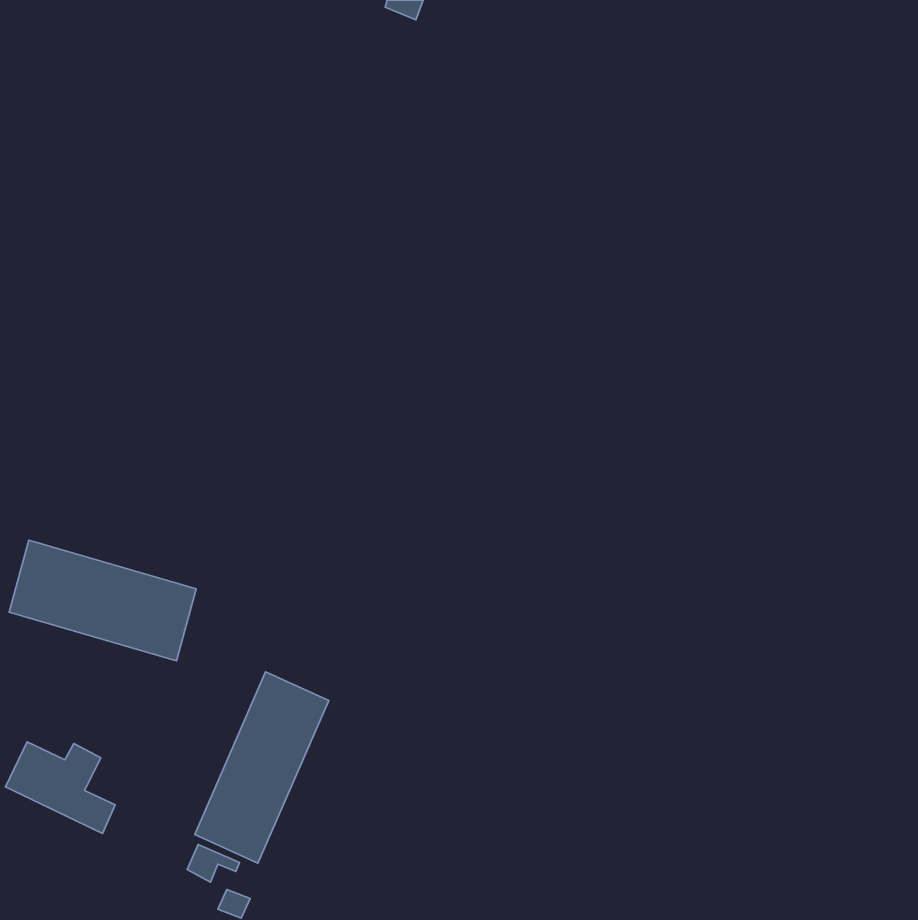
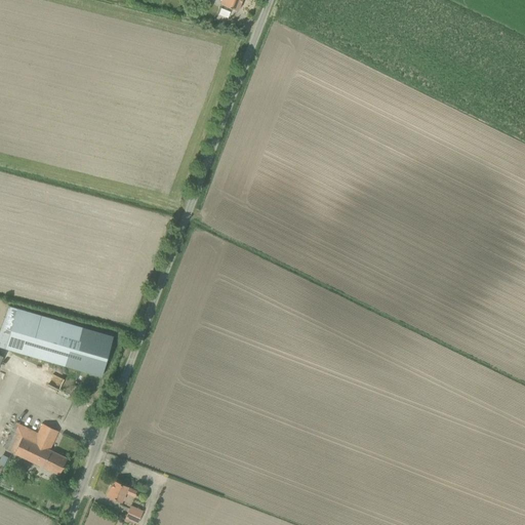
building: [195,672,329,863] -> none

